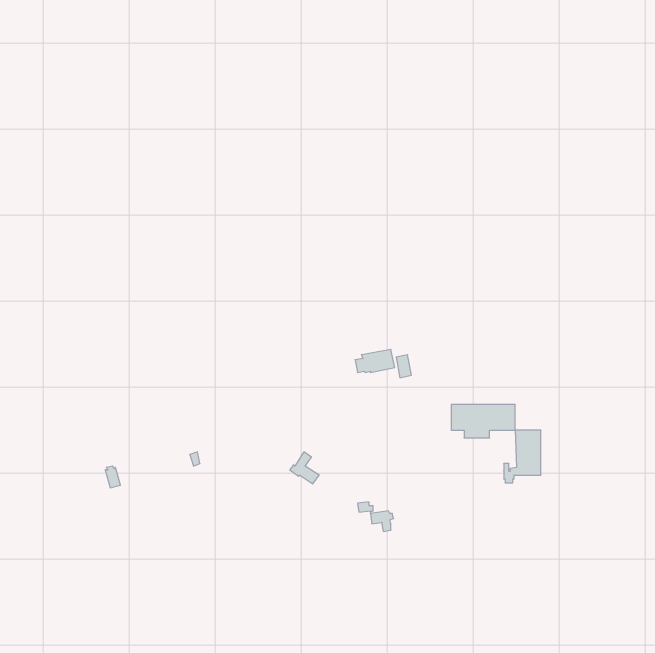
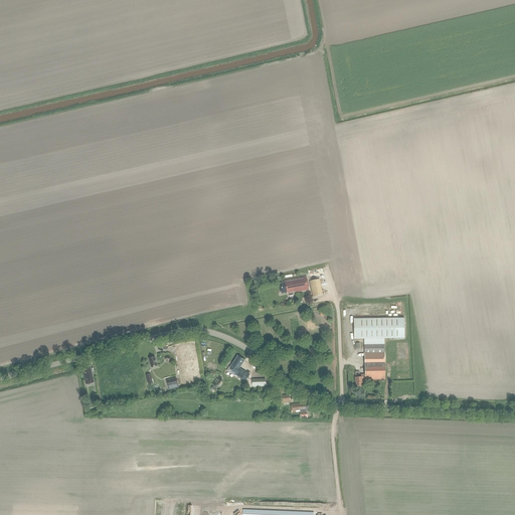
building: [504,430,541,483] -> [355,344,384,385]

